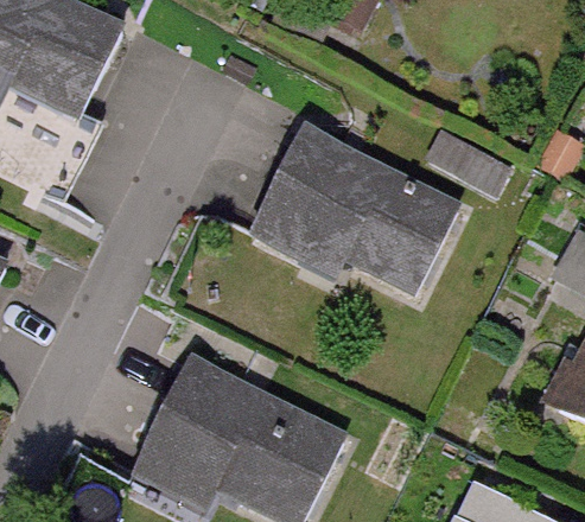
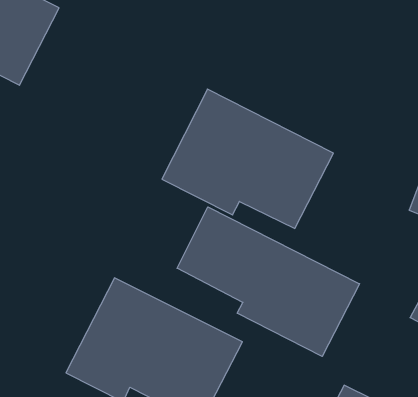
building: none -> [177,207,360,356]

